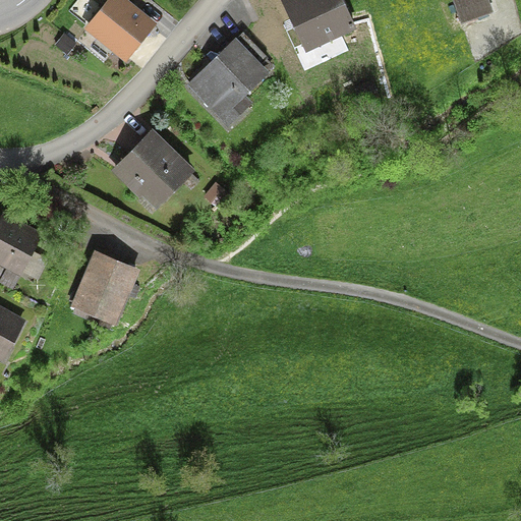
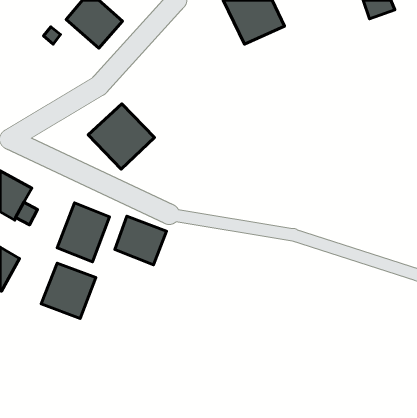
building: [186,37,271,127] -> none
building: none -> [115,216,166,265]
building: none -> [41,263,96,319]

